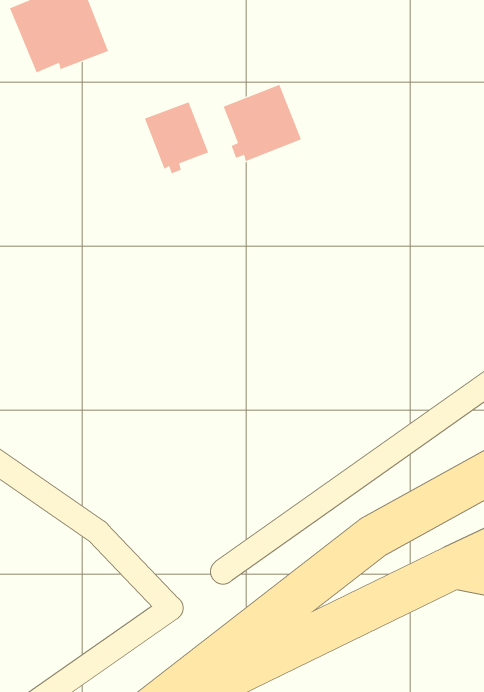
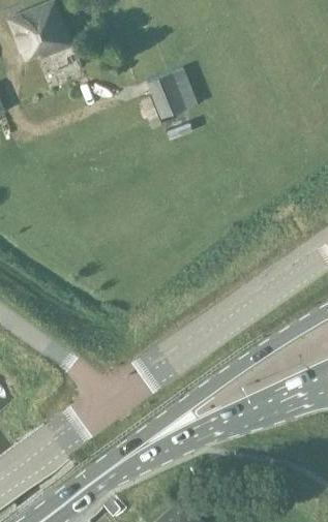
building: [144,101,209,174] -> none

